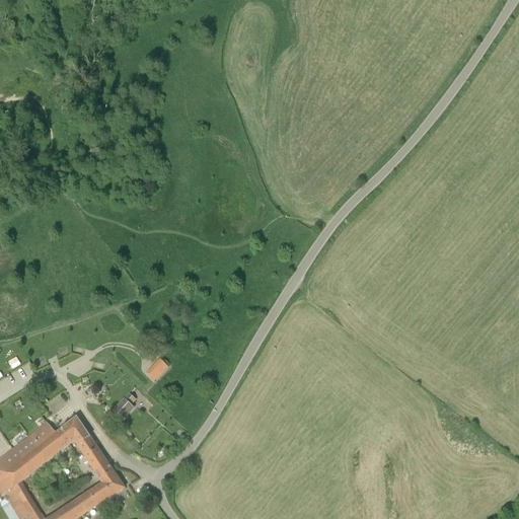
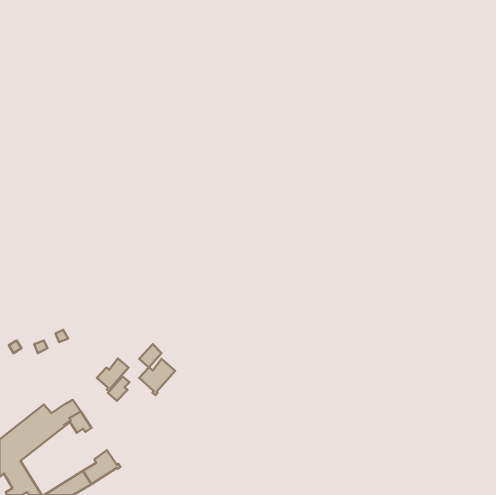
building: none -> [97,359,128,391]
building: none -> [139,359,175,395]
building: [80,446,112,478] -> none

